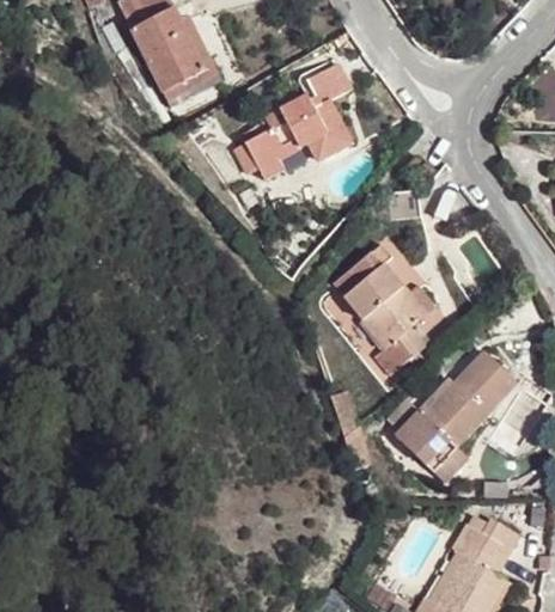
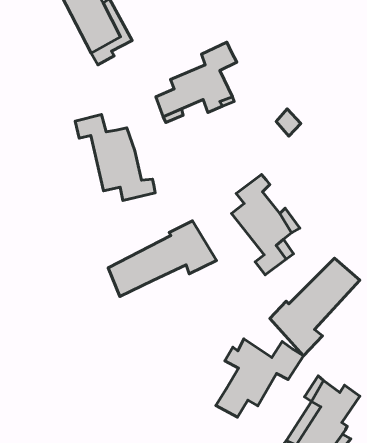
building: none -> [75,114,155,201]
building: none -> [108,221,216,296]
building: none -> [216,339,303,417]

